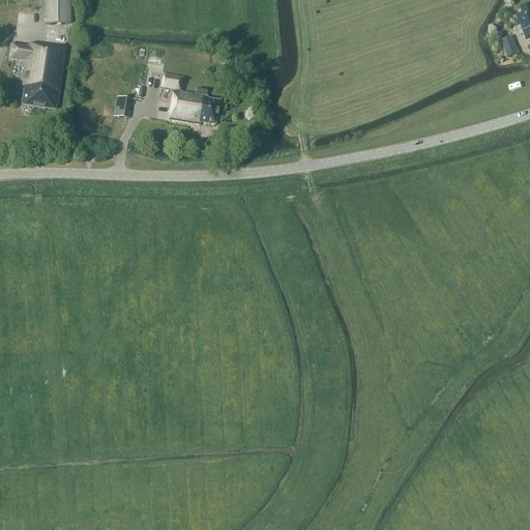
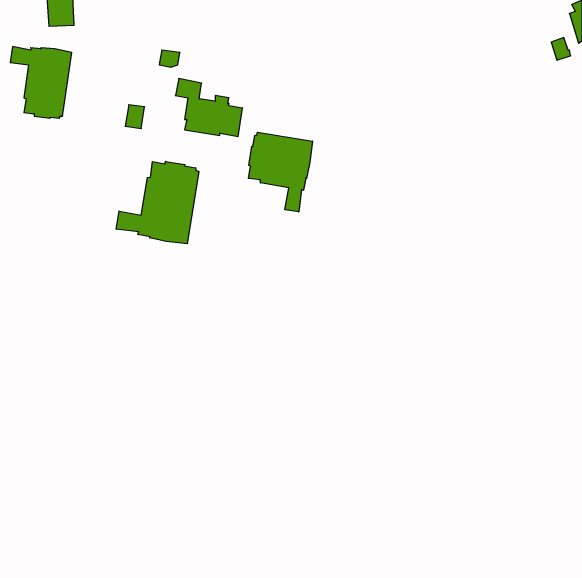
building: none -> [248,132,312,212]
building: none -> [116,161,199,244]

